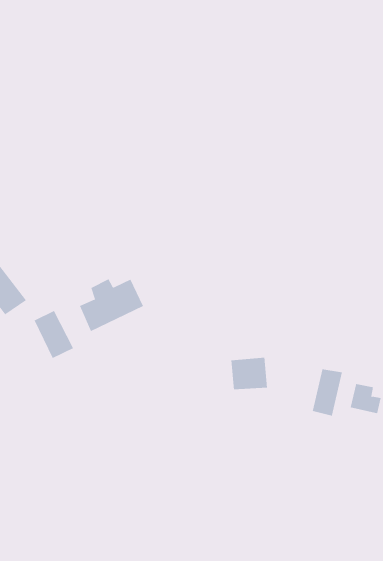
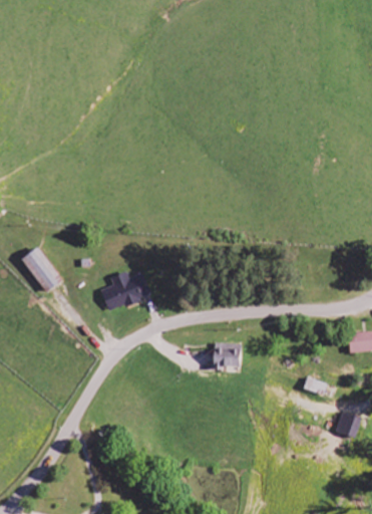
building: [34,310,74,359] -> none
building: [312,368,342,416] -> none

